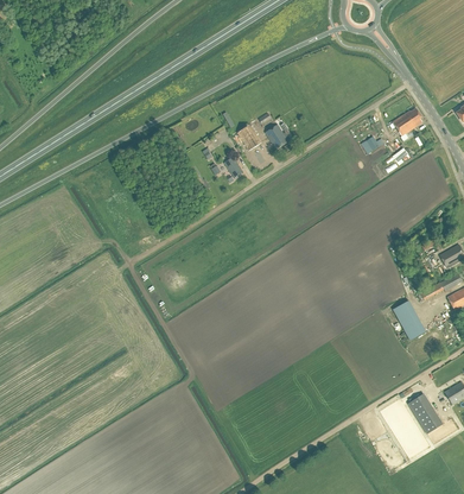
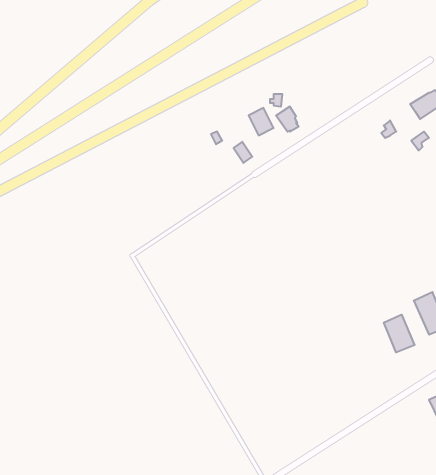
building: none -> [384,315,415,352]

